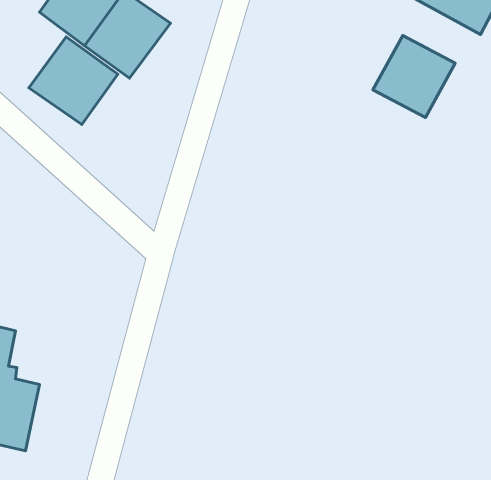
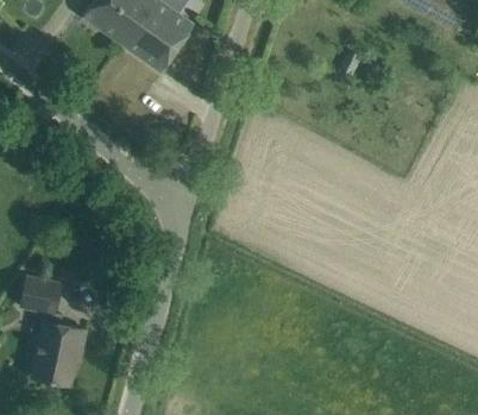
building: [373,36,455,117] -> none
building: [29,37,118,124] -> none

